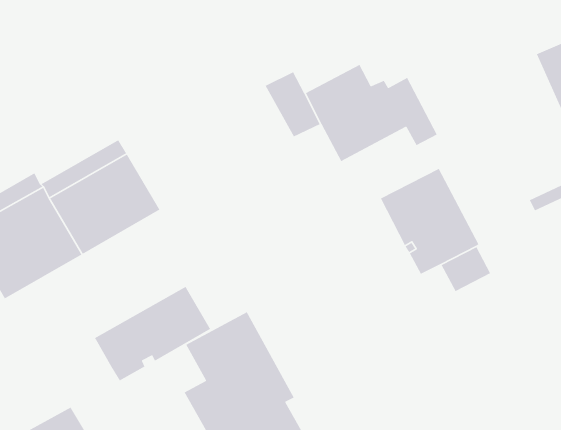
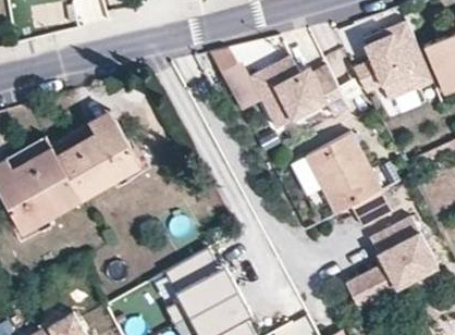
building: none -> [354,21,432,100]
building: none -> [345,216,438,308]
building: [94,286,211,381] -> none

